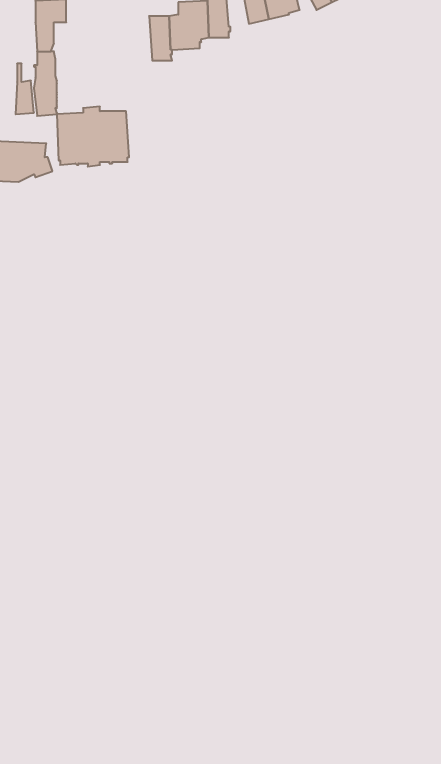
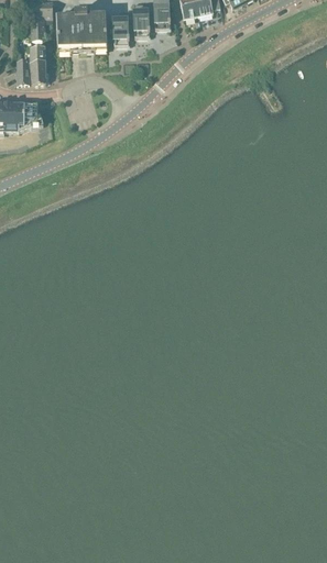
building: [57,107,129,167] -> [56,10,108,53]

